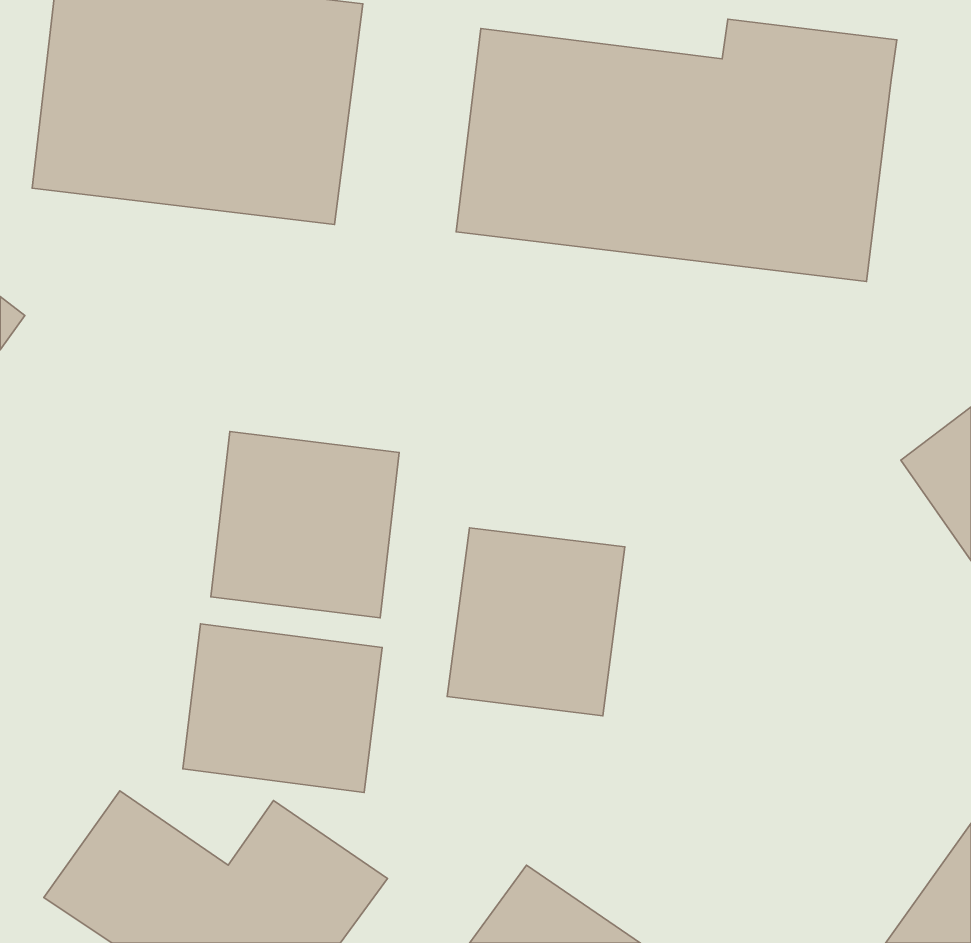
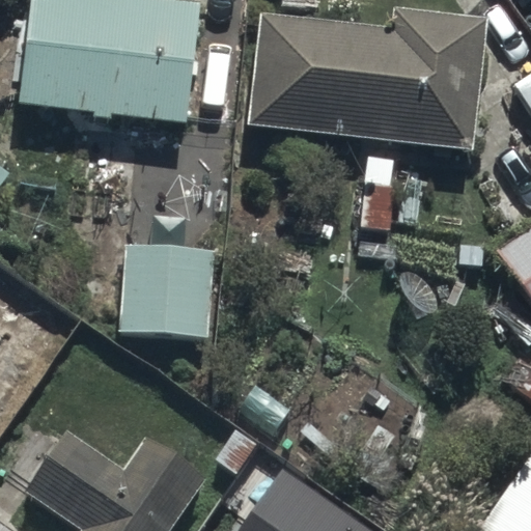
building: [447,528,625,716] -> none
building: [183,624,382,793] -> none

